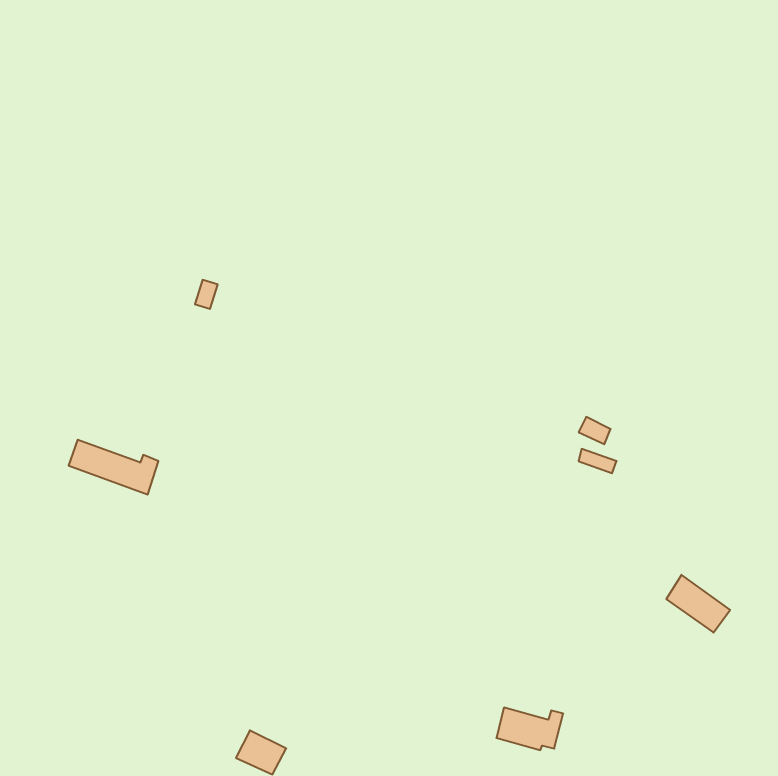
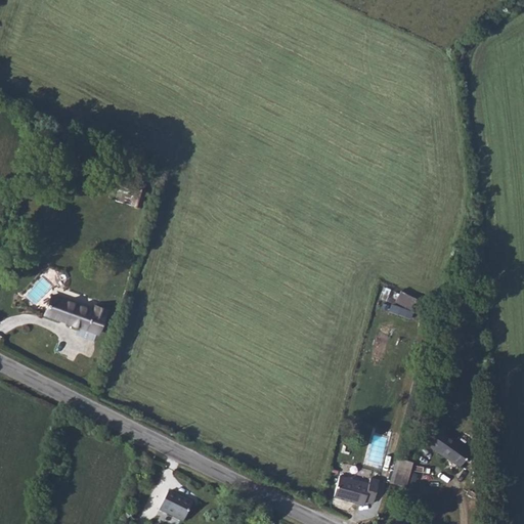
building: [666,575,730,633] -> [428,428,471,467]
building: none -> [390,458,412,487]

